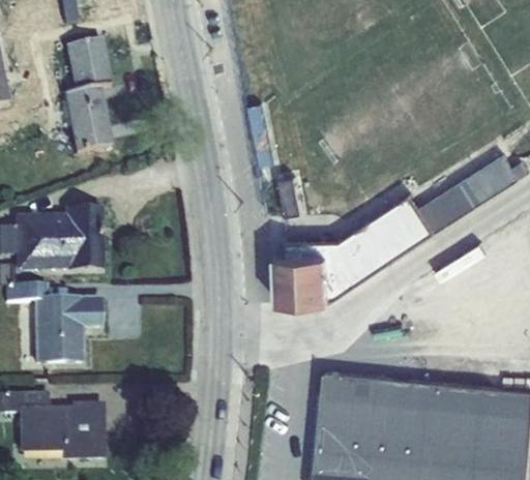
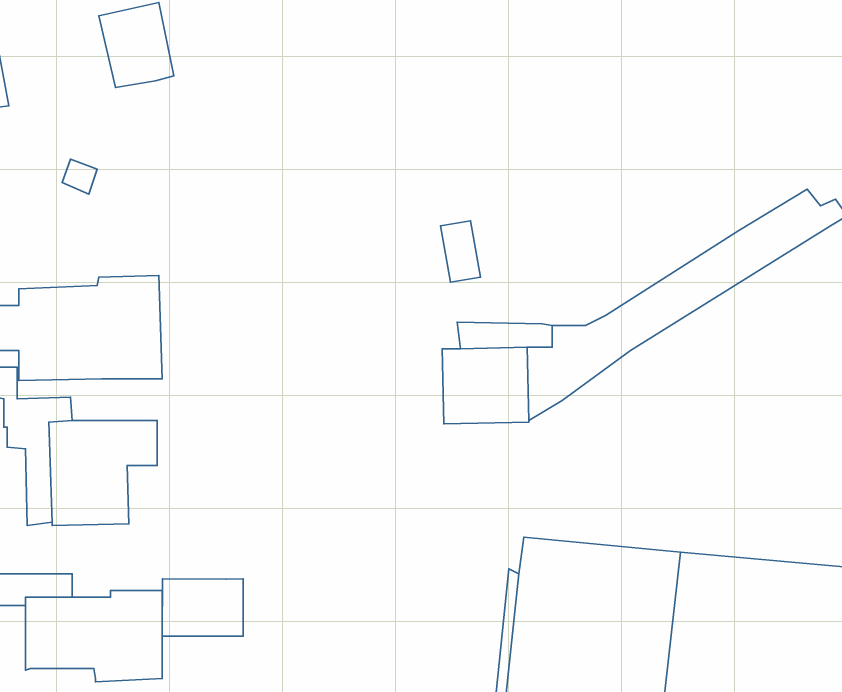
building: [64,87,113,153] -> none
building: none -> [162,579,243,636]

